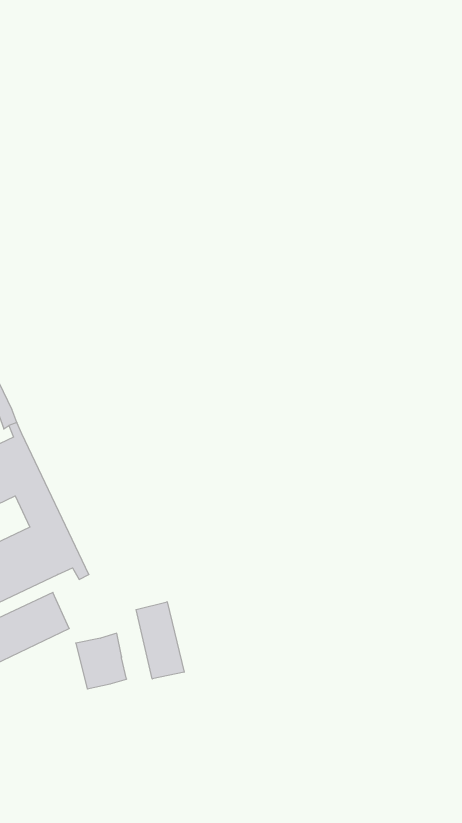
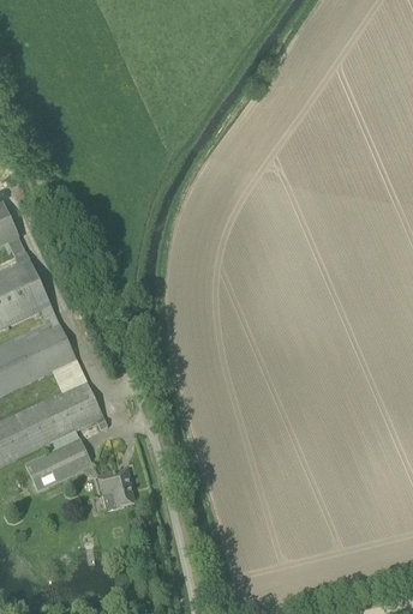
building: [136,602,184,679] -> none

